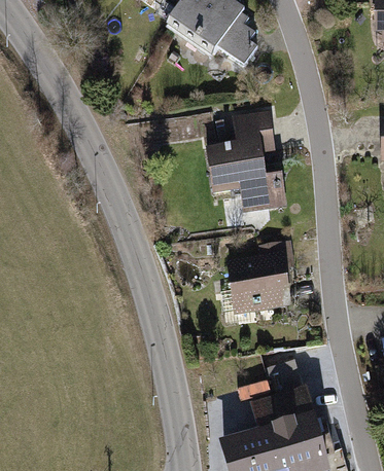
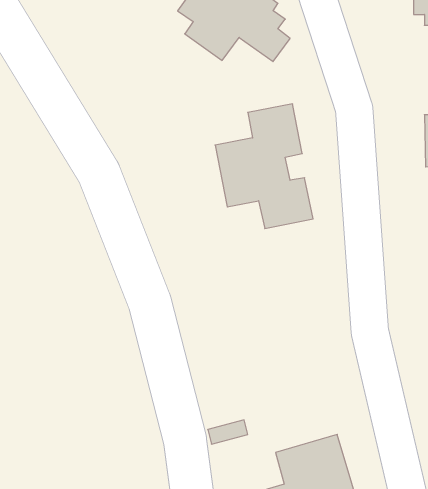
building: [226,238,295,312] -> none

